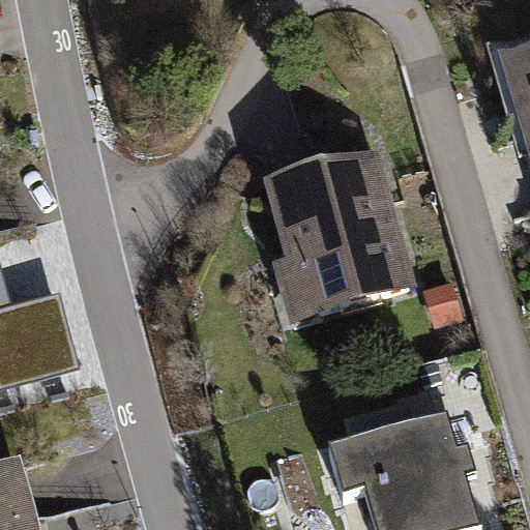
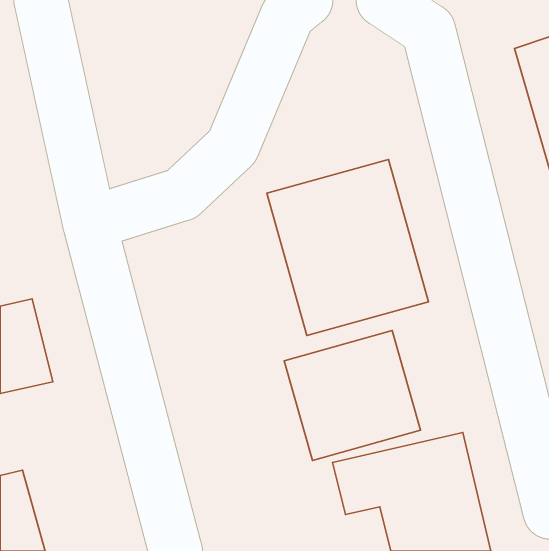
building: none -> [284,331,420,460]

